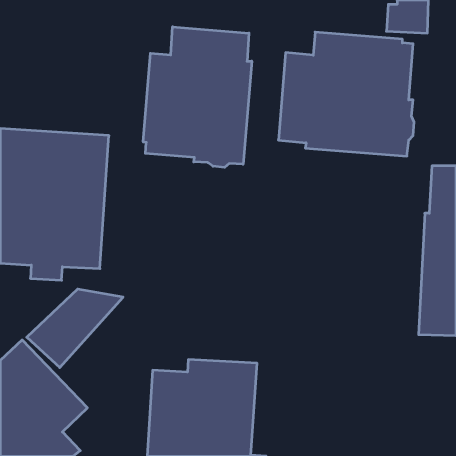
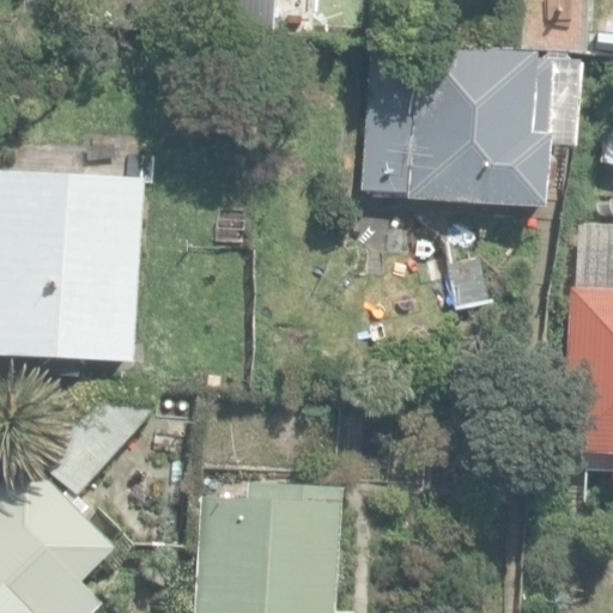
building: [143,27,252,167] -> none

